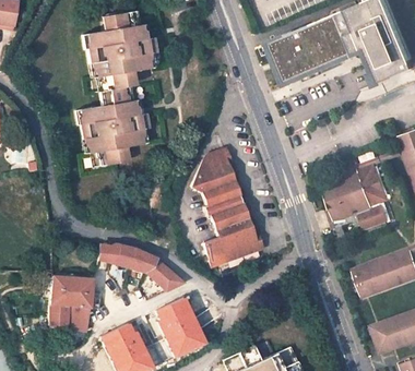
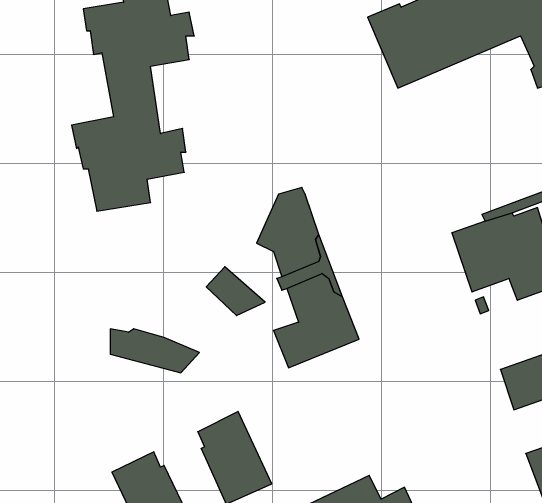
building: [145,259,183,290] -> [206,267,265,316]
building: [49,276,100,331] -> none

